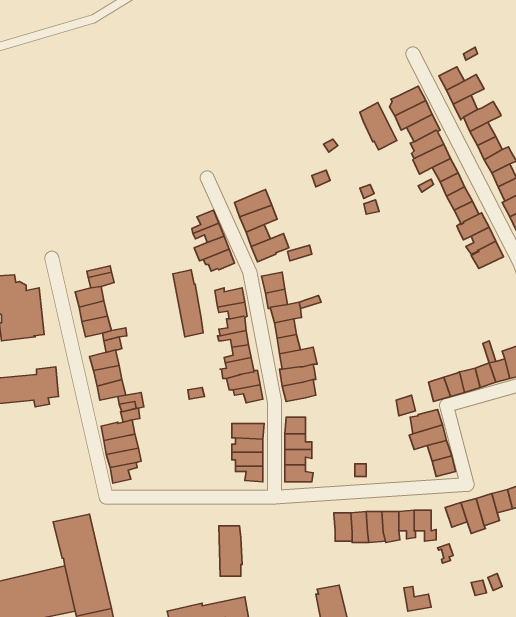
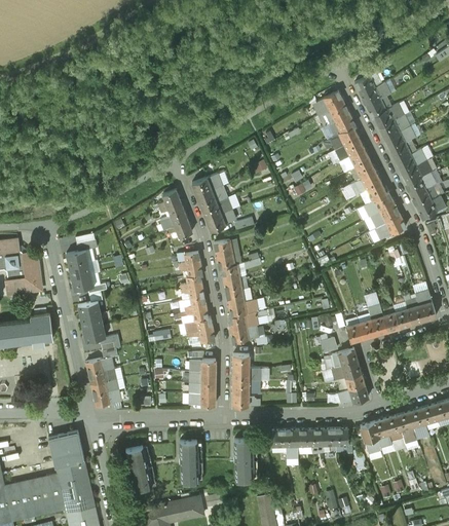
building: [360,103,397,150] -> none
building: [173,270,203,337] -> none
building: none -> [234,440,253,480]
building: none -> [126,446,151,489]

